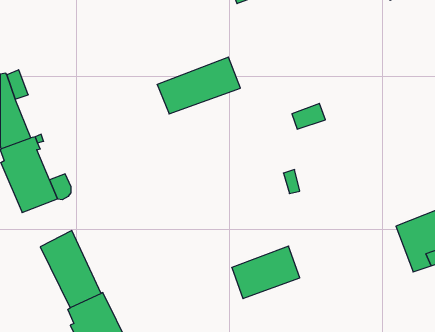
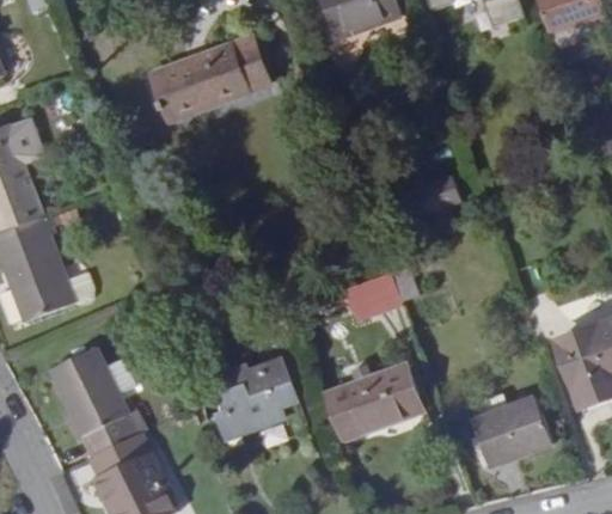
building: [157,57,240,114] -> [152,43,268,122]
building: none -> [341,277,397,322]
building: none -> [207,350,296,436]
building: none -> [465,408,543,470]

